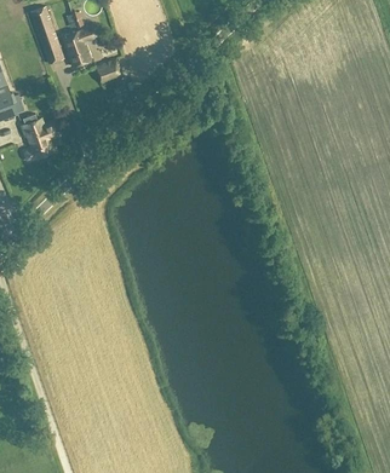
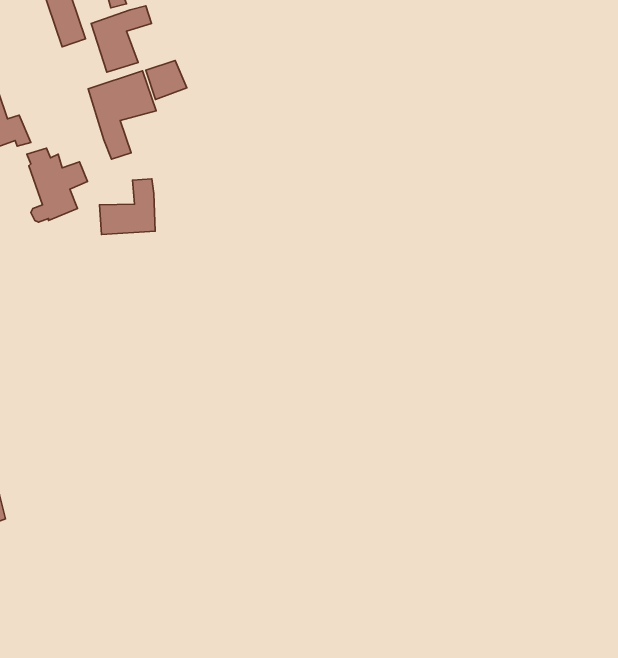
building: none -> [88,71,156,159]
building: none -> [99,179,155,235]

